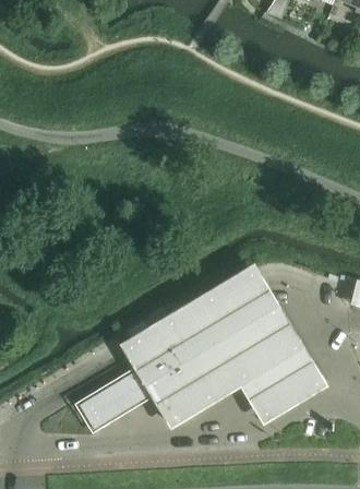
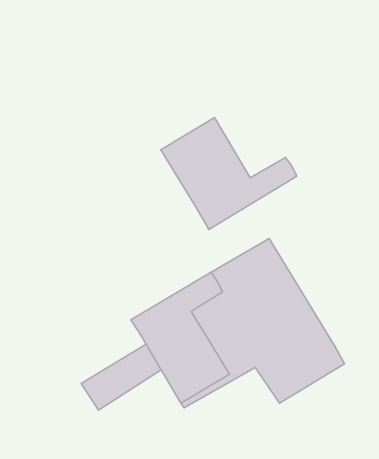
building: none -> [161,117,297,230]

